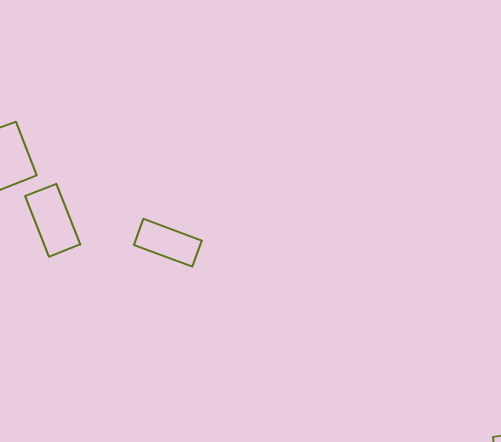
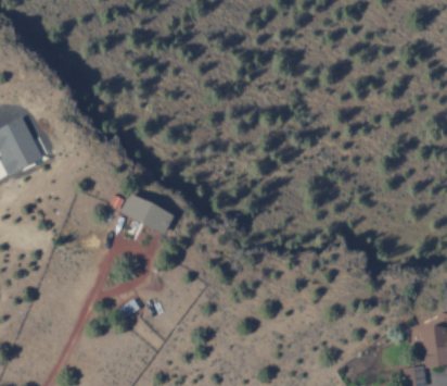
building: [25,184,80,257] -> none

